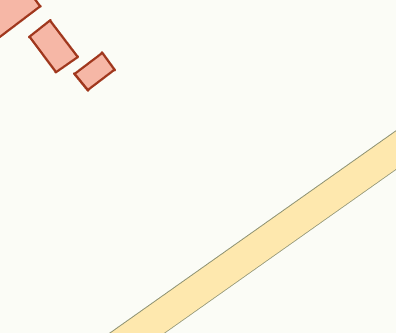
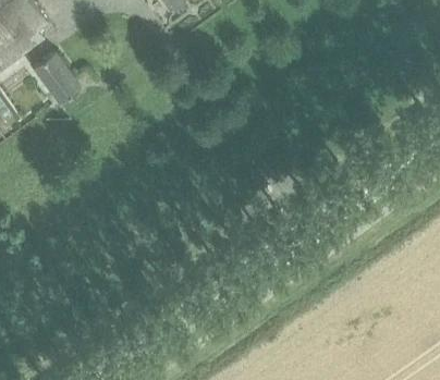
building: [74,53,115,90] -> none

